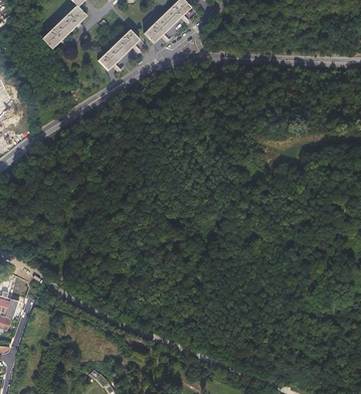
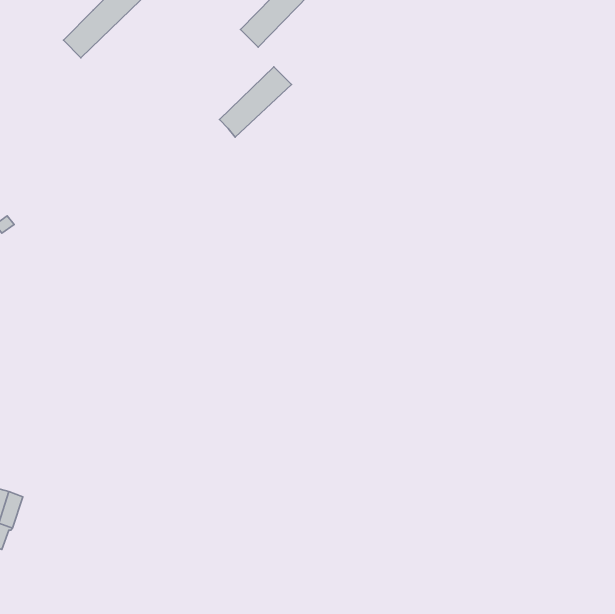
building: [99,30,140,70] -> [219,67,291,137]

